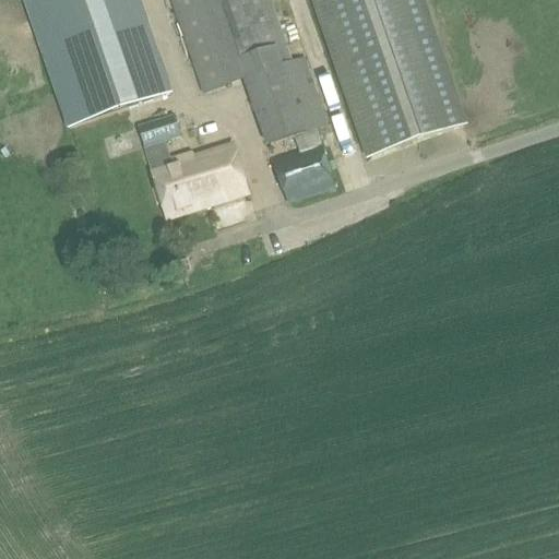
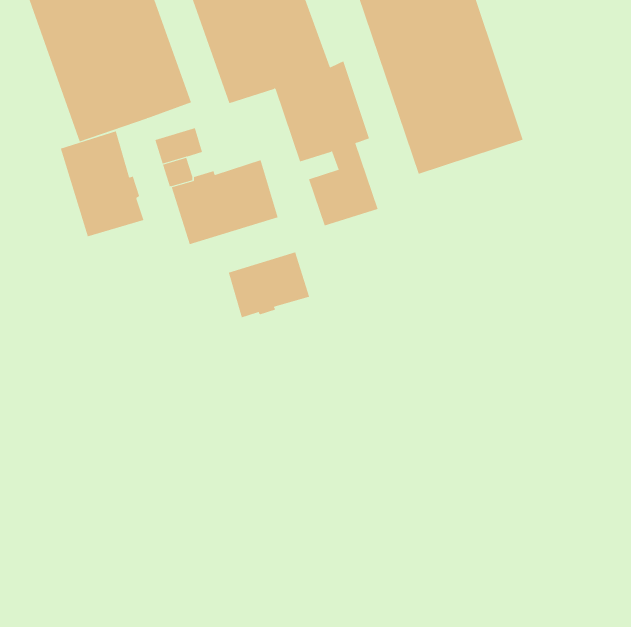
building: none -> [60,131,144,237]
building: none -> [228,251,310,318]

